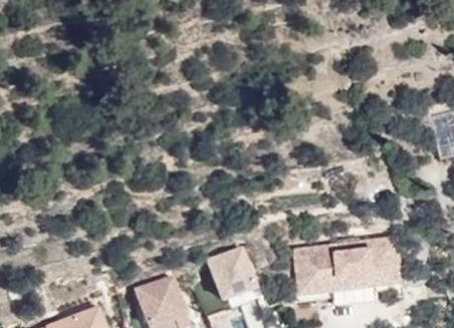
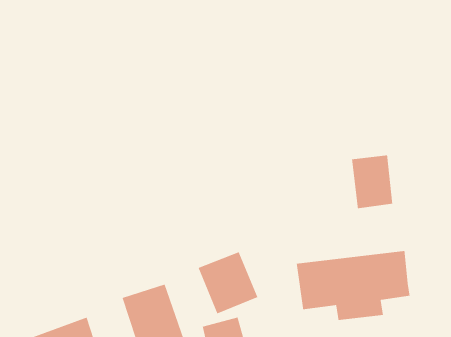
building: none -> [351,154,393,209]

